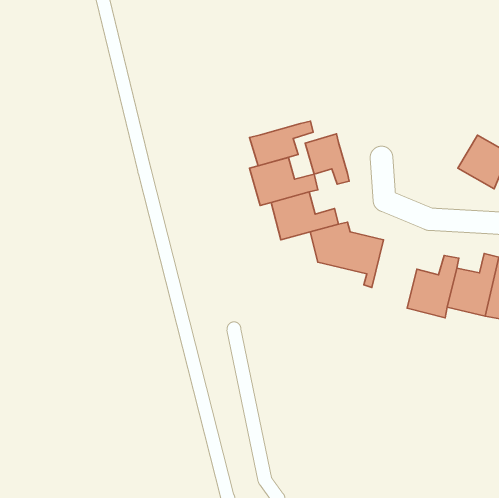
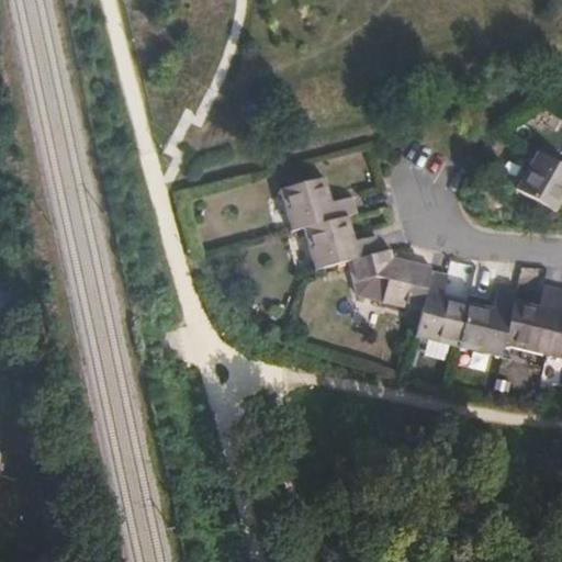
building: [250,121,313,166] -> none
building: [305,134,349,184] -> none
building: none -> [415,270,469,346]

